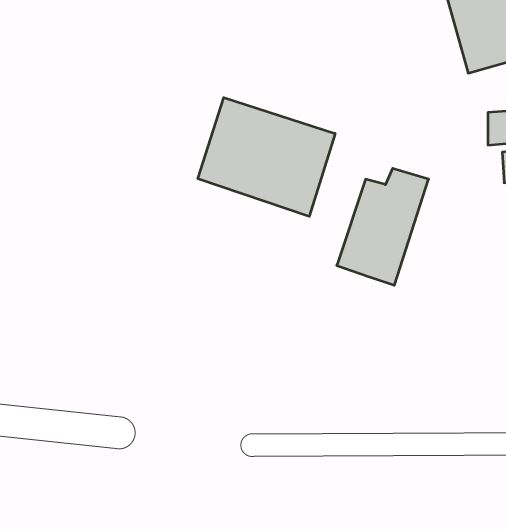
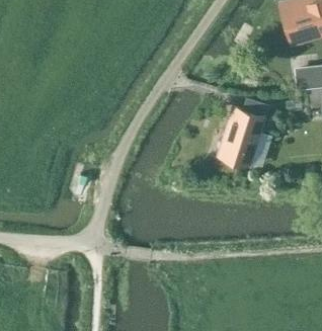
building: [198,98,335,216] -> none

